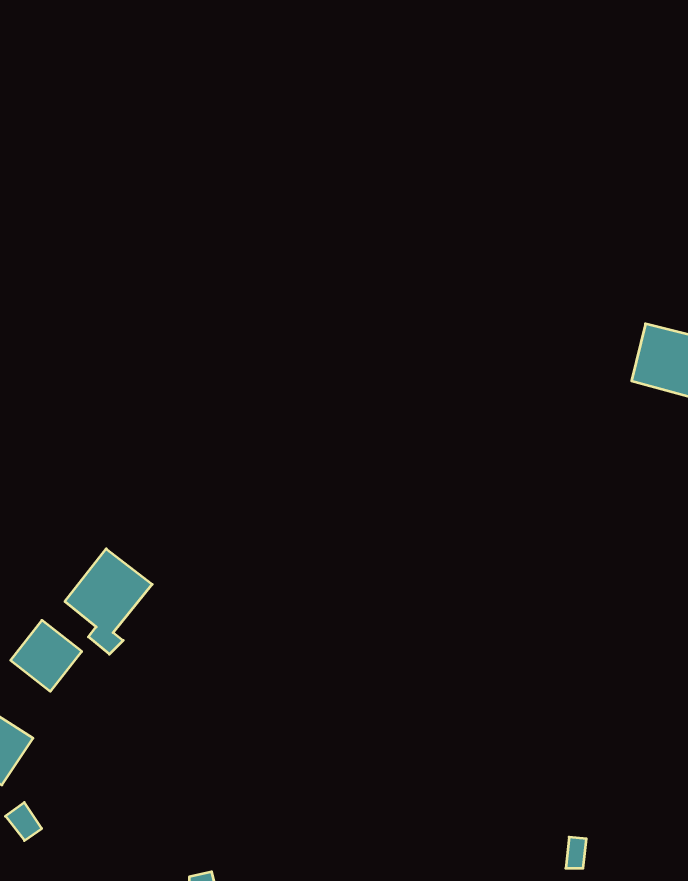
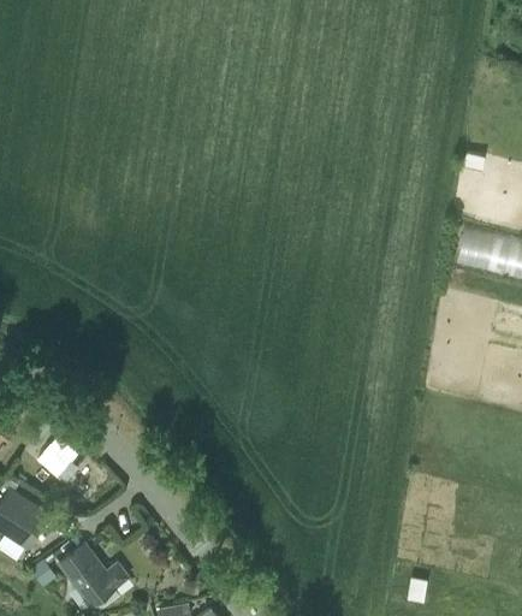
building: [65,549,152,654] -> none
building: none -> [59,545,129,606]

